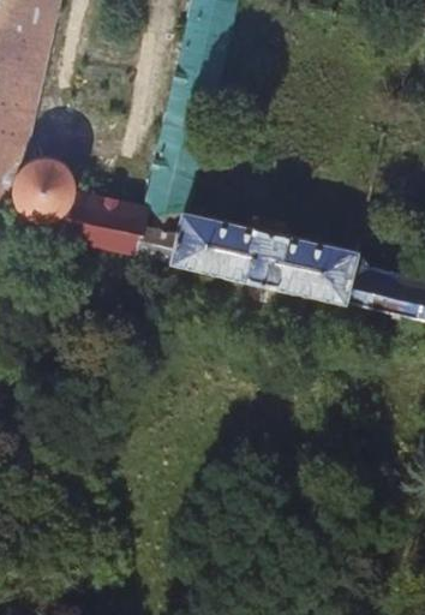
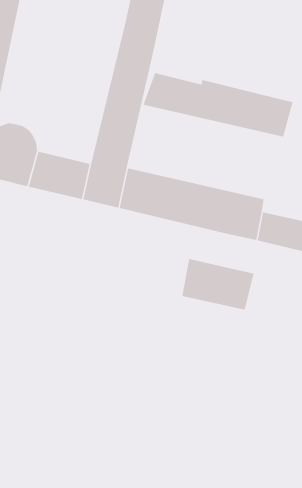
building: none -> [143,72,293,137]
building: none -> [181,258,255,311]

